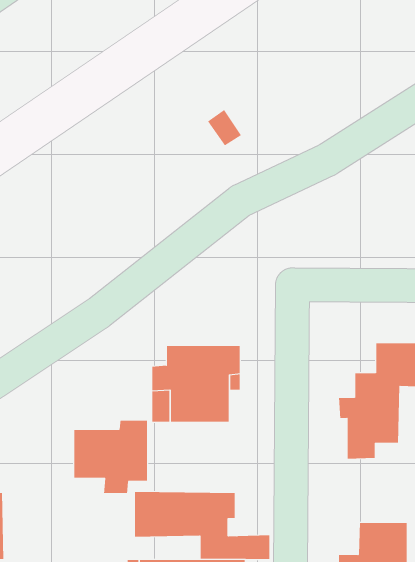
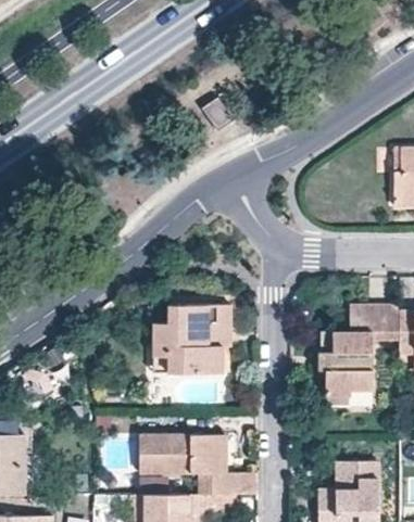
building: [74,420,148,494] -> none

